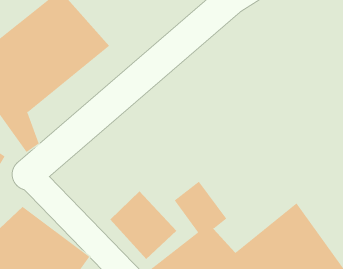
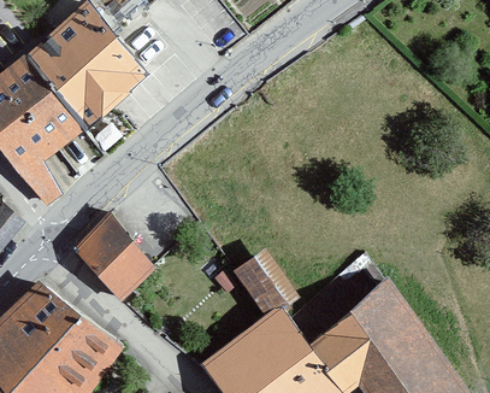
building: [110,190,177,260] -> [71,213,158,303]

